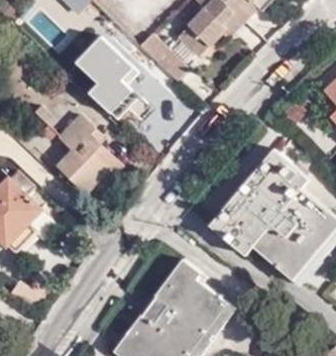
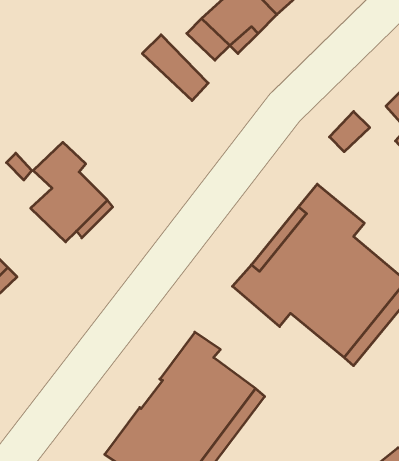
building: [75,35,137,117] -> none

